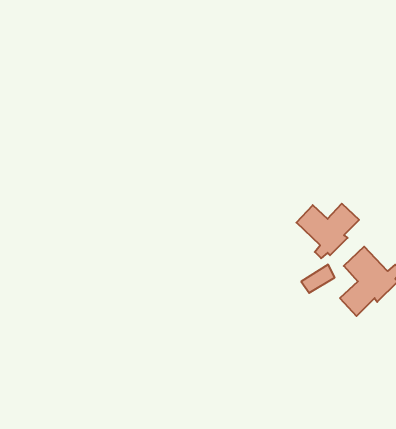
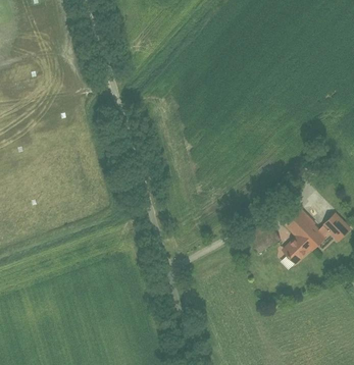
building: [296,204,359,258] -> none

